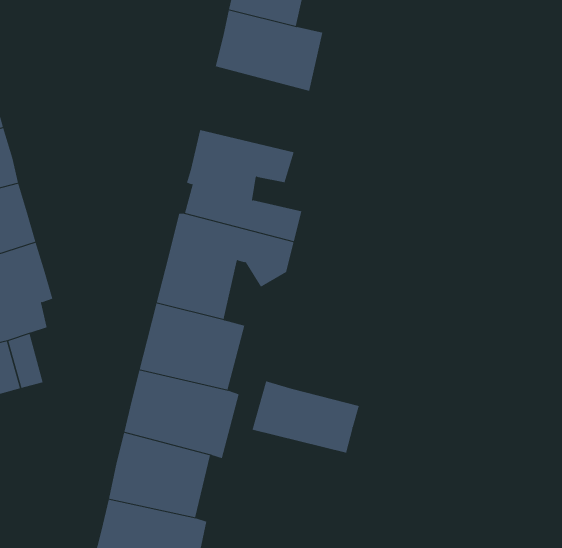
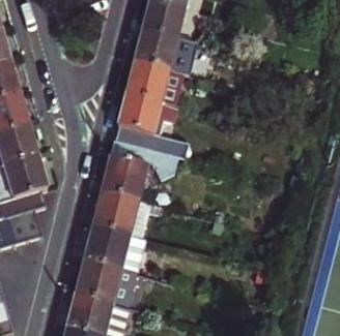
building: none -> [125,57,186,103]
building: [252,381,360,454] -> none

